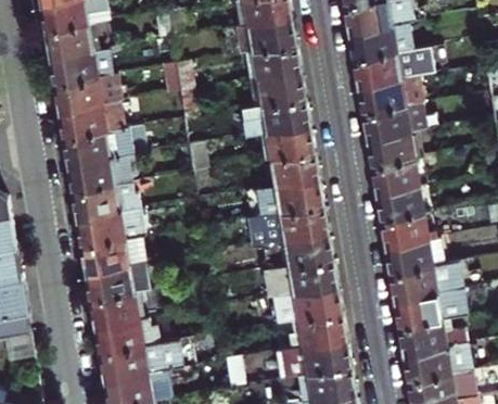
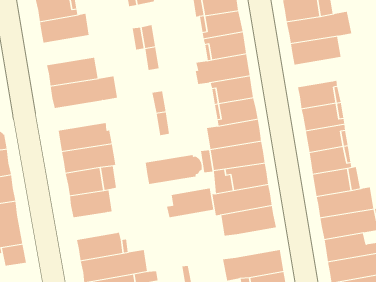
building: [54,75,120,112] -> none
building: [362,102,425,139] -> none
building: [68,155,139,192] -> [145,155,202,185]
building: [91,293,144,327] -> none
building: [288,312,346,349] -> [166,188,214,218]

